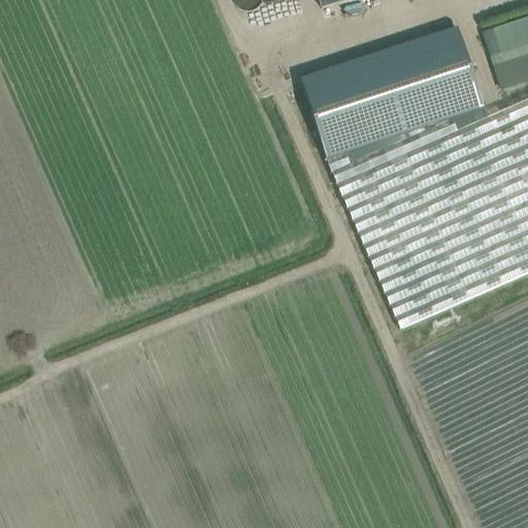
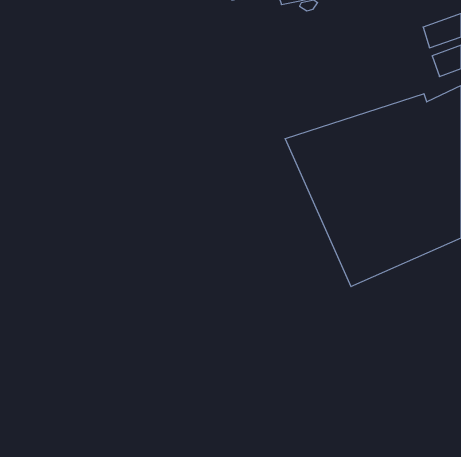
building: [300,27,484,158] -> none

